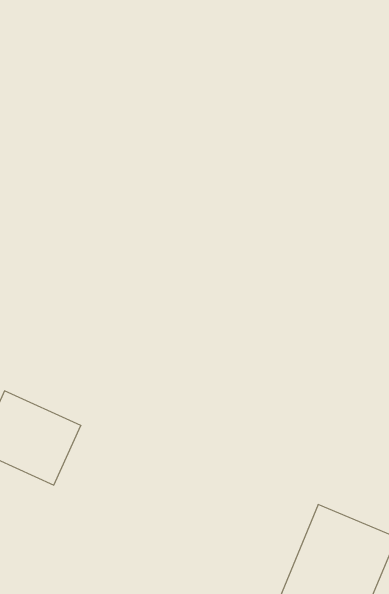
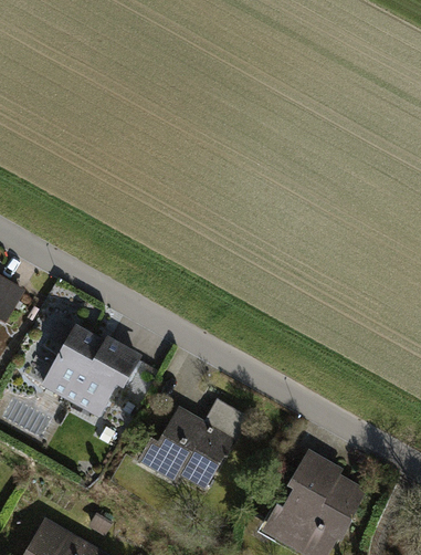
building: none -> [158,407,244,488]

